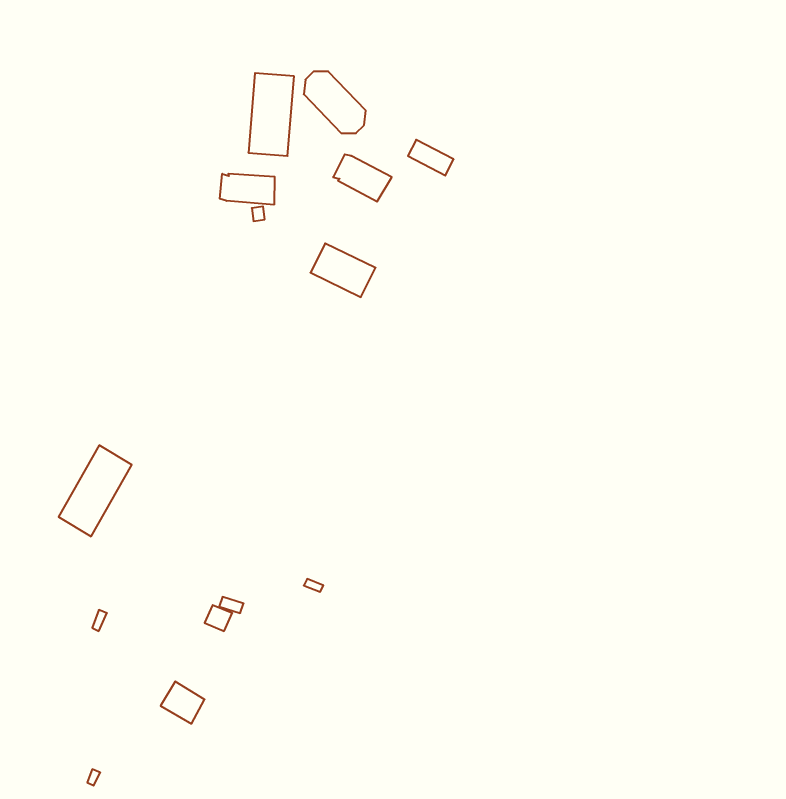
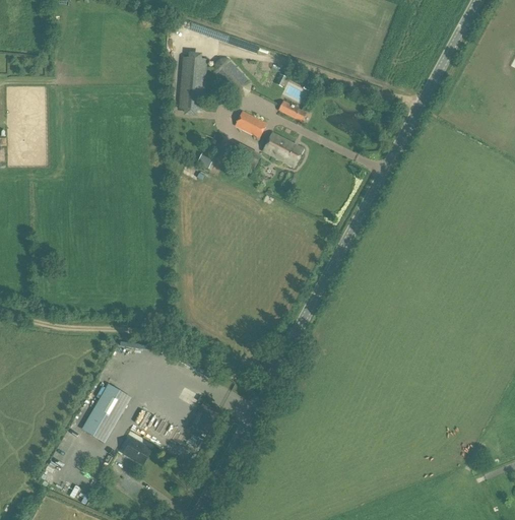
building: [220,174,275,205] -> none
building: [310,243,376,297] -> [262,132,303,166]
building: [59,445,132,536] -> [82,384,128,441]

